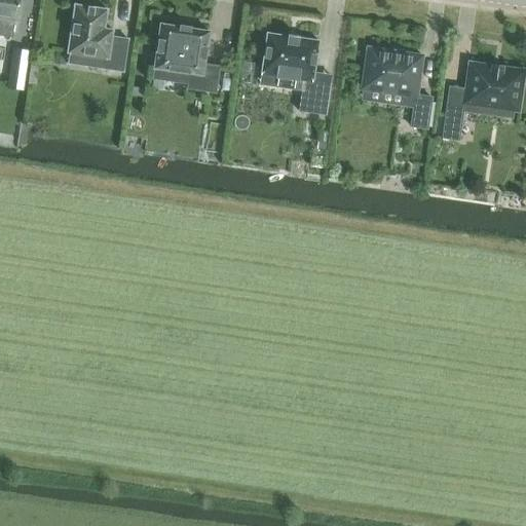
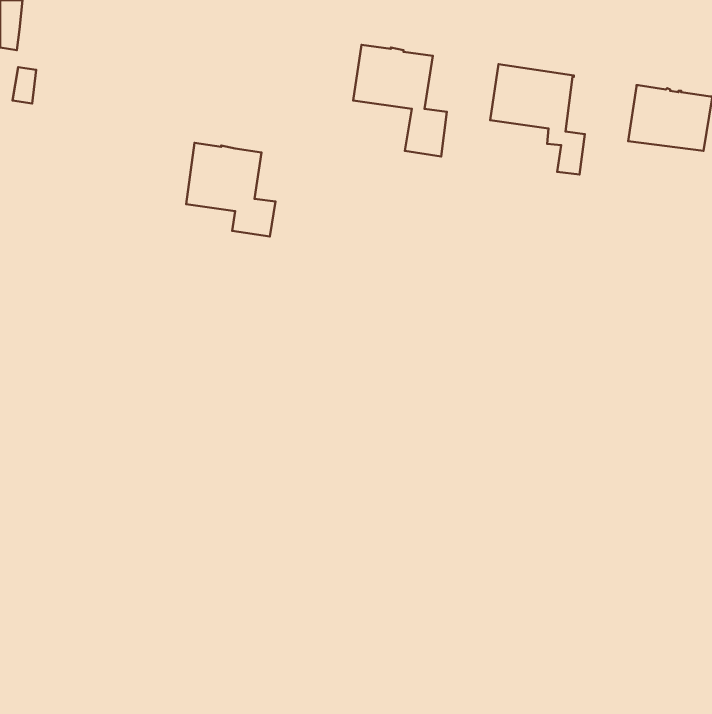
building: [68,4,128,72] -> none
building: [154,24,220,92] -> [186,143,276,236]
building: [443,106,463,141] -> none

